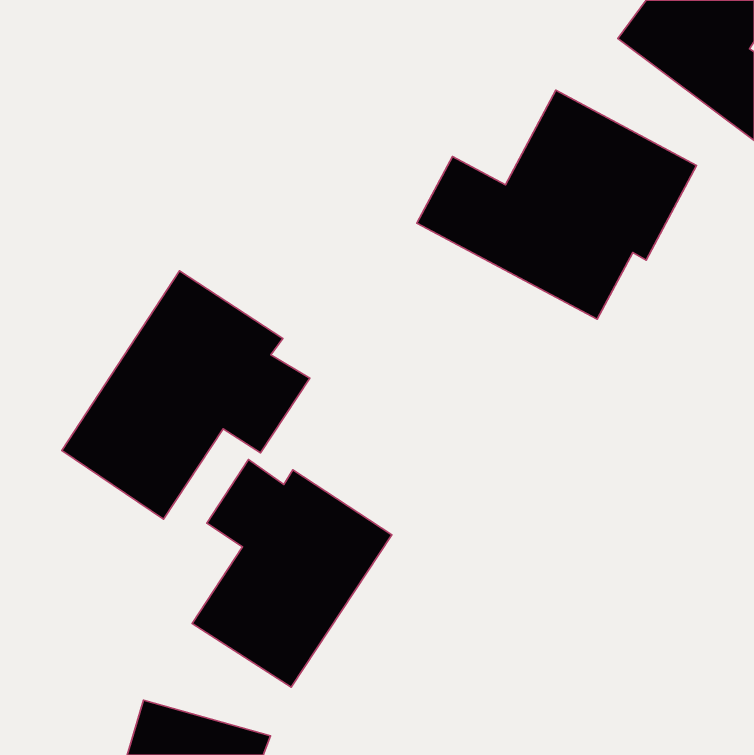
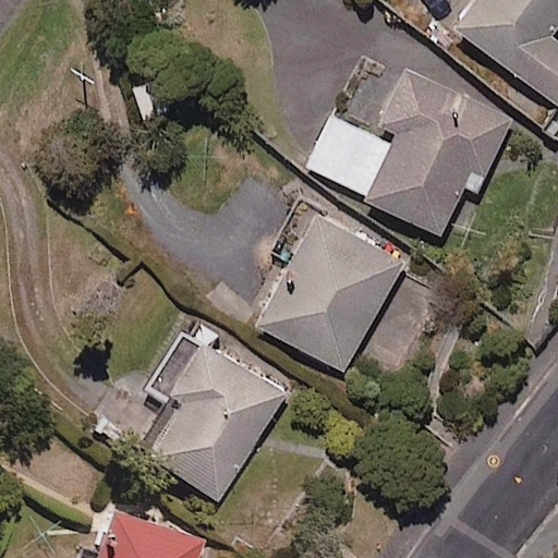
building: [62,271,310,519] -> none
building: none -> [256,203,407,373]

